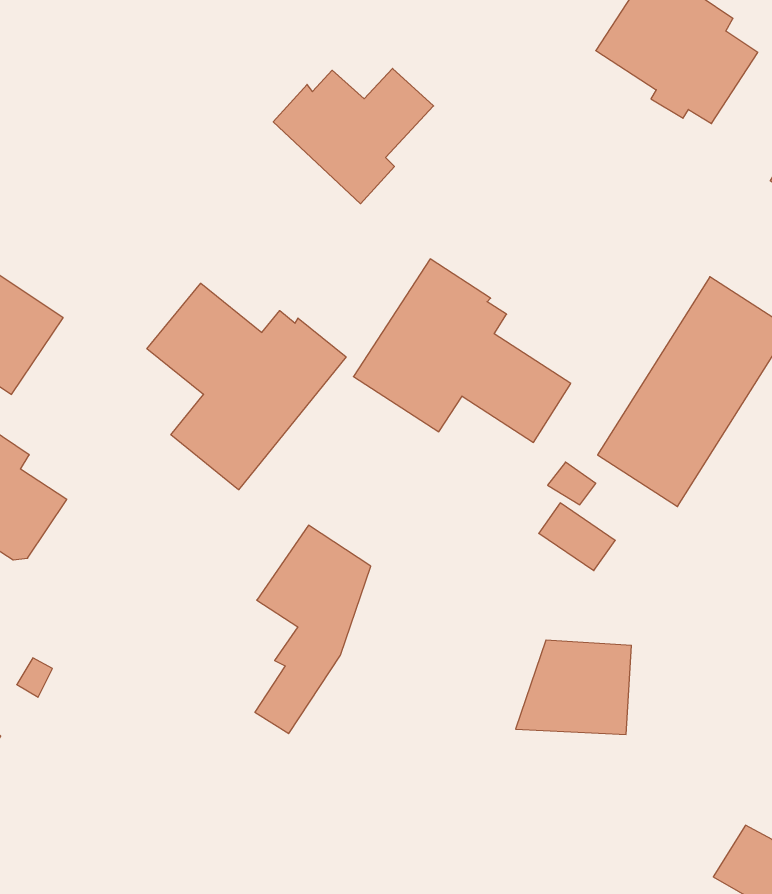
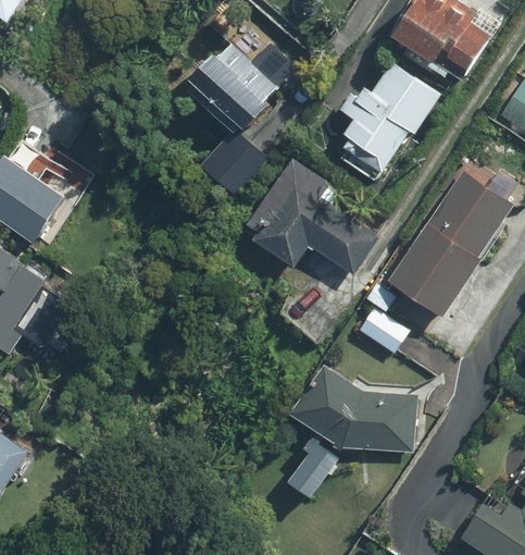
building: none -> [339,67,434,180]
building: none -> [202,129,265,193]
building: [147,283,346,490] -> none
building: [255,525,371,734] -> [290,368,361,495]

